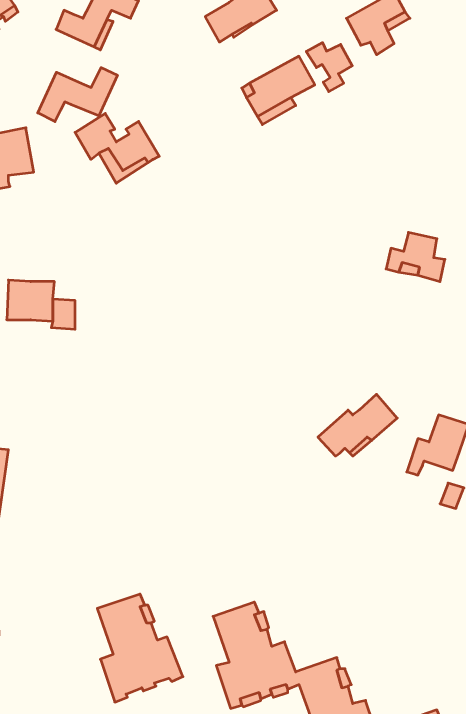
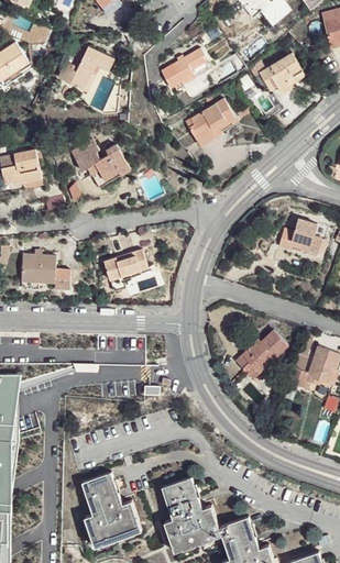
building: [306,43,352,92] -> none
building: [38,68,117,122] -> none
building: none -> [100,245,145,288]

